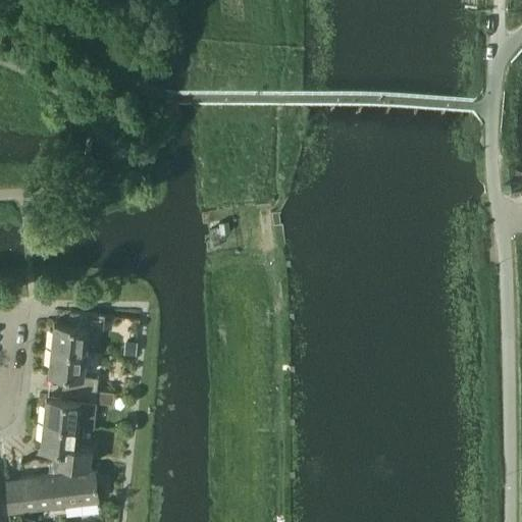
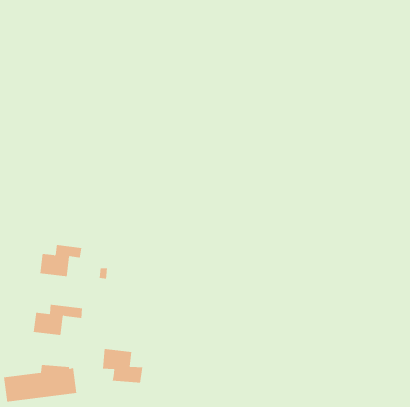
building: [48,352,106,396] -> none
building: [41,426,93,470] -> [102,349,143,383]

